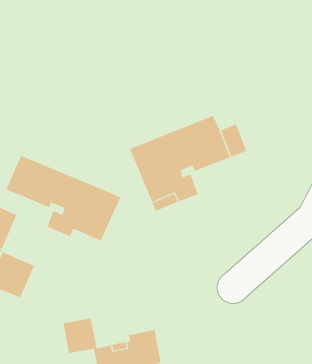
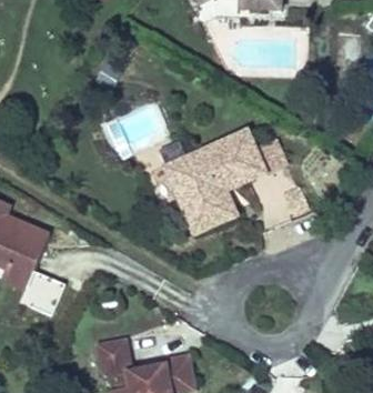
building: [6,155,121,242] -> none

